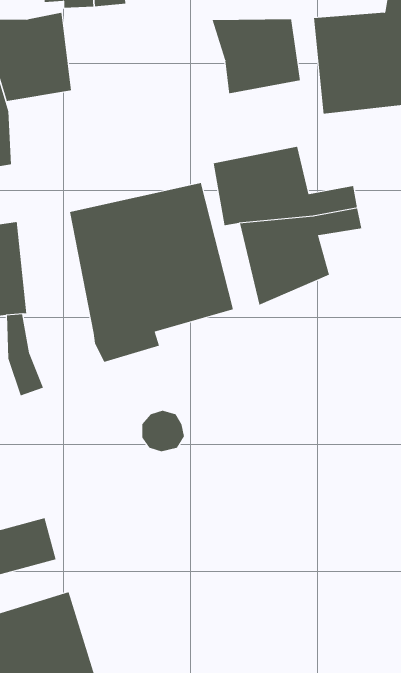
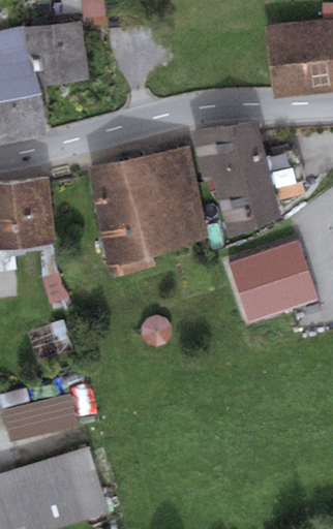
building: [212,19,300,94] -> none
building: none -> [230,238,315,318]

